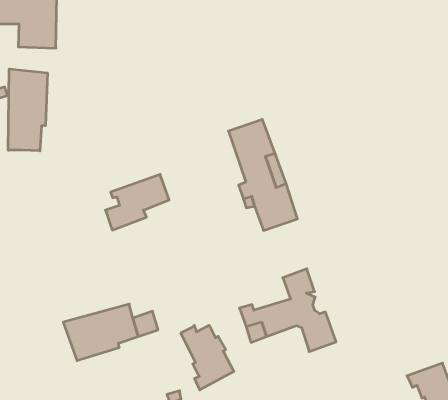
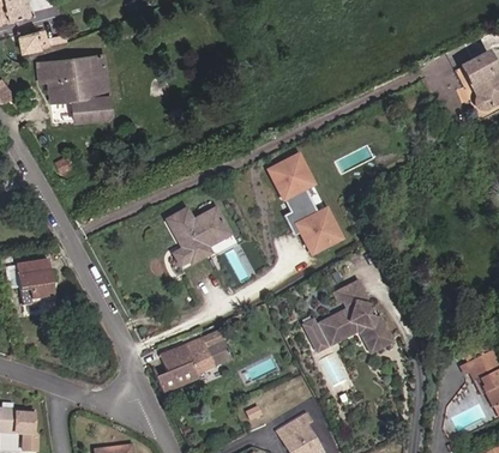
building: [8,69,47,151] -> none
building: none -> [164,212,215,238]
building: [181,325,234,390] -> none

